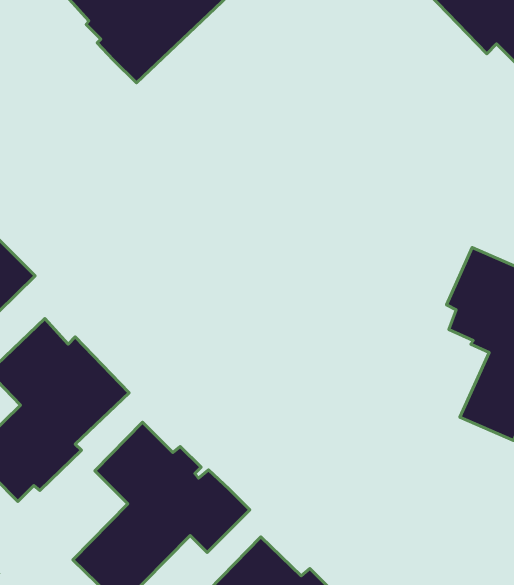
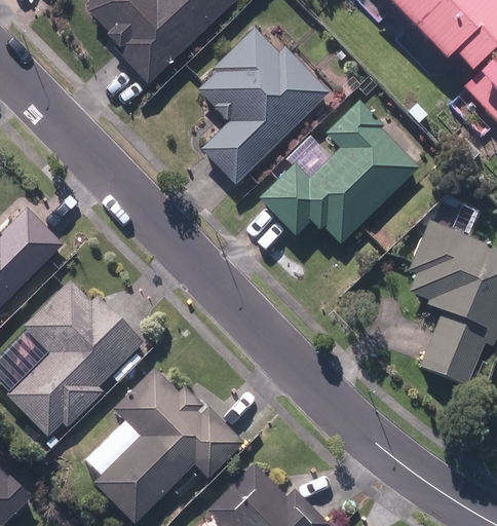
building: none -> [199,29,329,184]
building: none -> [259,102,417,243]

